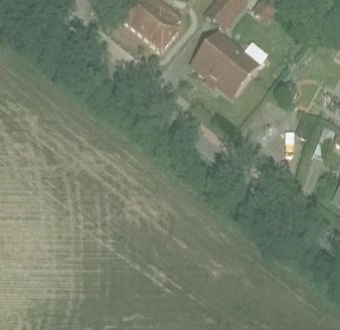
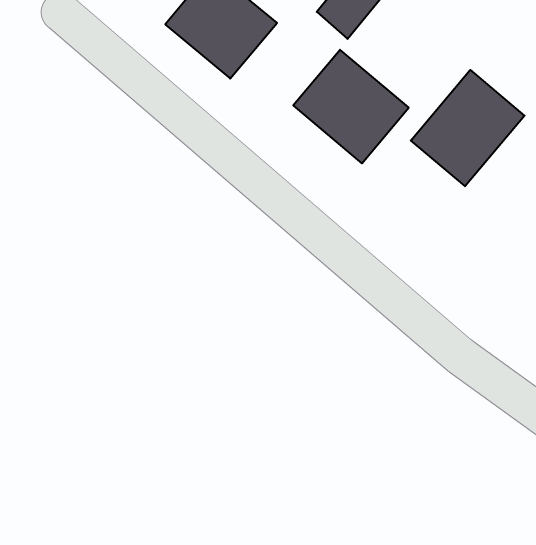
building: none -> [411,70,525,186]

